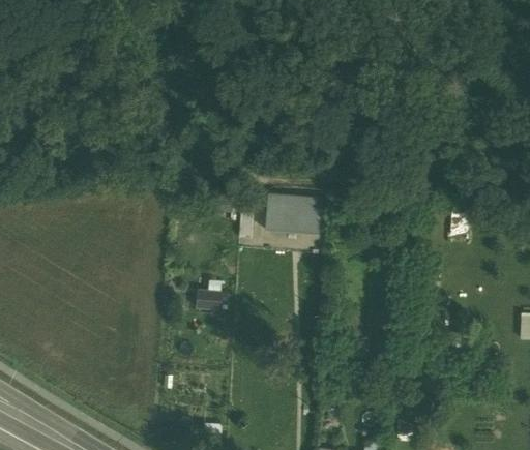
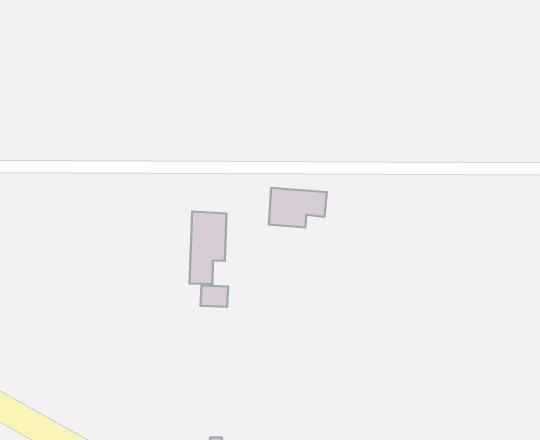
building: none -> [189,211,226,284]

